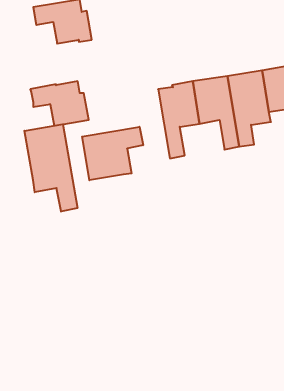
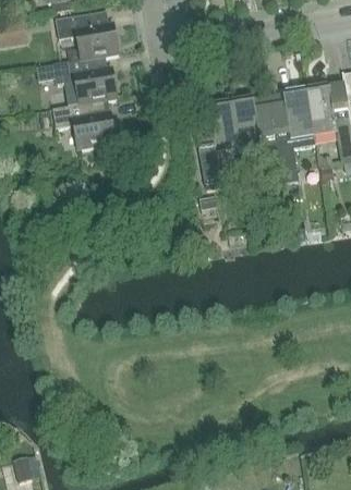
building: none -> [52,56,116,106]
building: [24,124,77,212] -> none
building: [82,127,143,180] -> none

